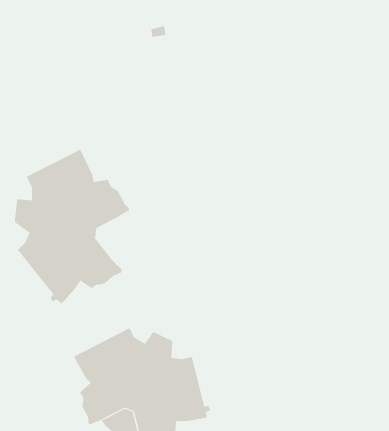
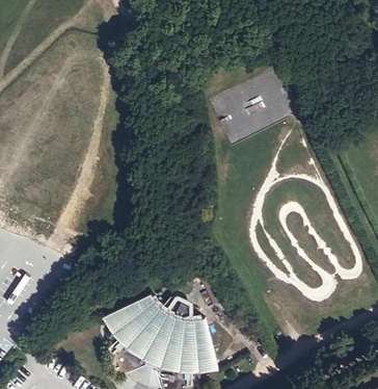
building: [14,149,130,304] -> none

